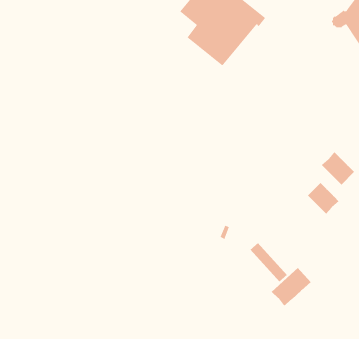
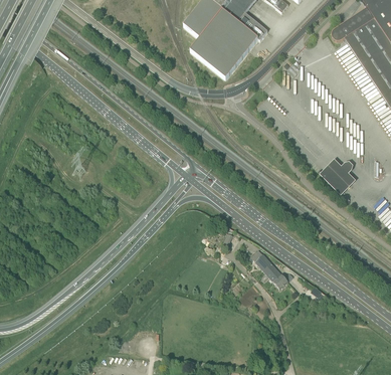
building: [307,182,339,215] -> none
building: [271,267,311,307] -> none

